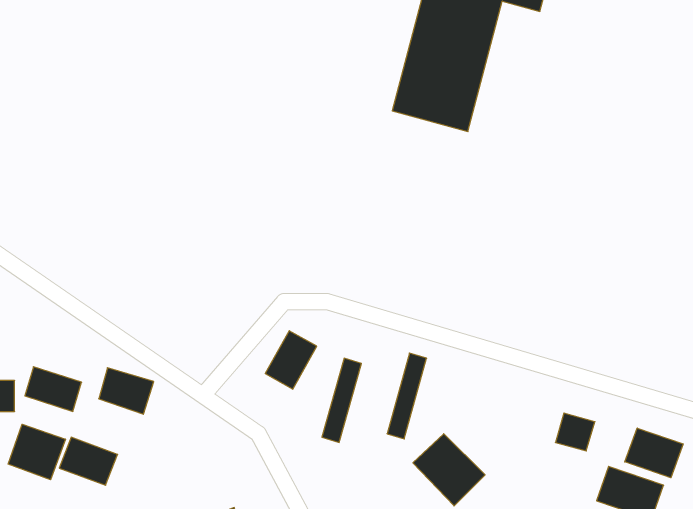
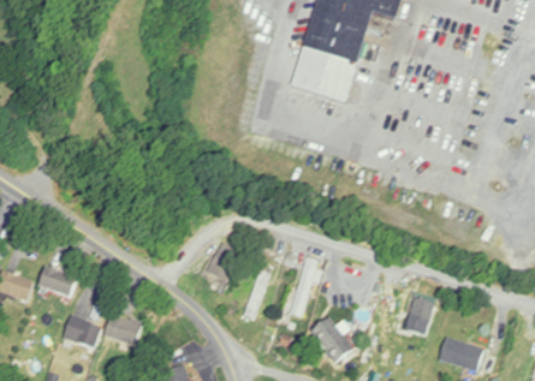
building: [99,368,154,414] -> [102,314,141,346]
building: [8,424,65,480] -> none
building: [625,428,683,478] -> none

